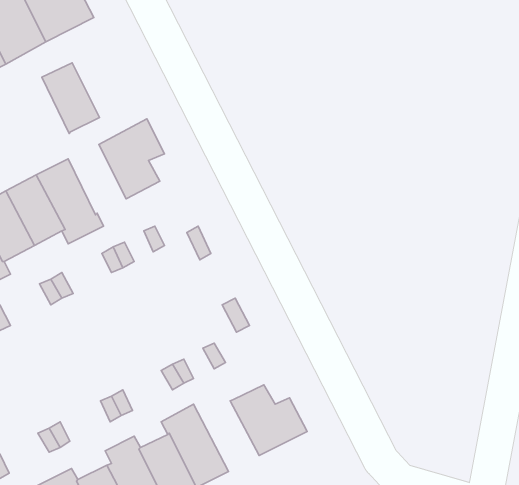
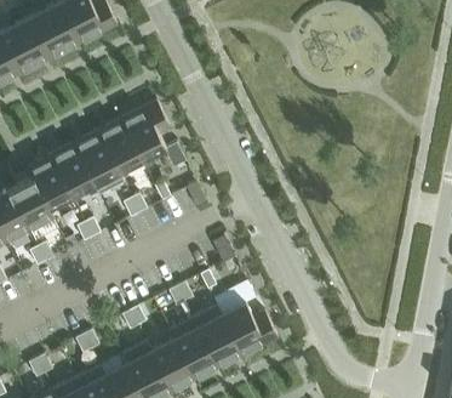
building: [42,63,99,133] -> [98,121,142,175]
building: none -> [193,306,242,369]

